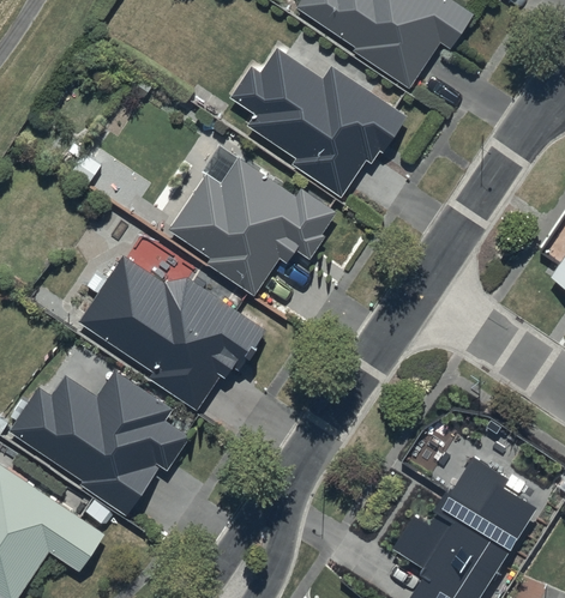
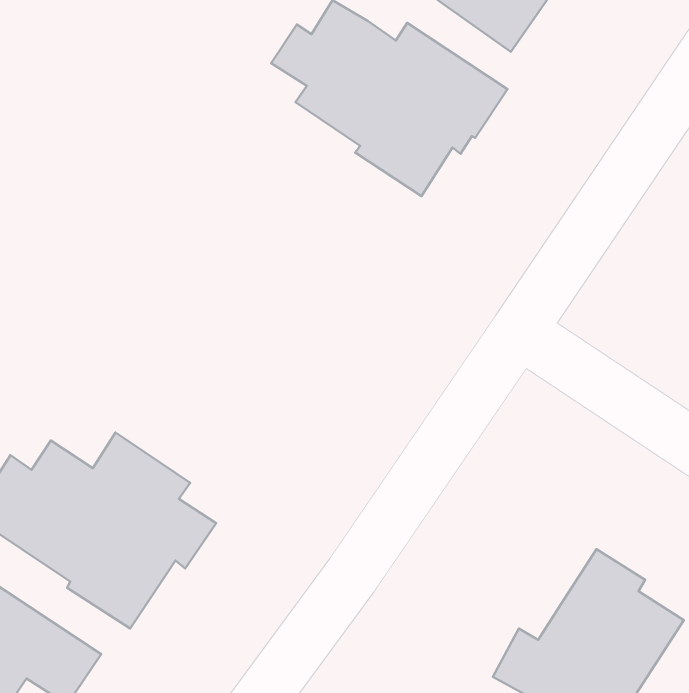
building: [169,156,336,294] -> none
building: [80,255,265,409] -> none

